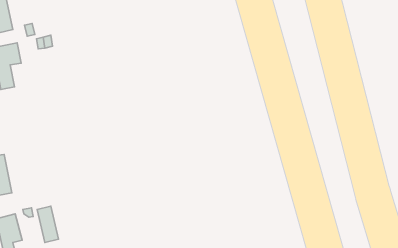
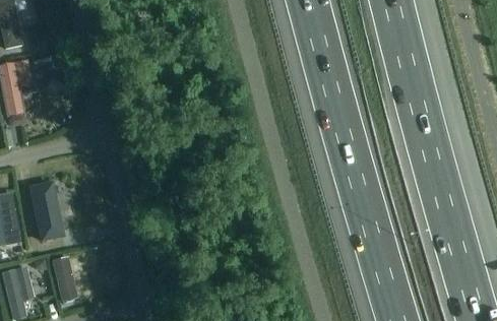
building: none -> [32,183,63,241]

